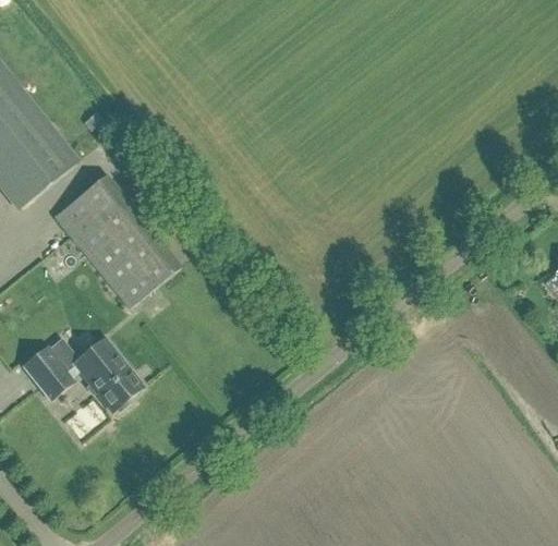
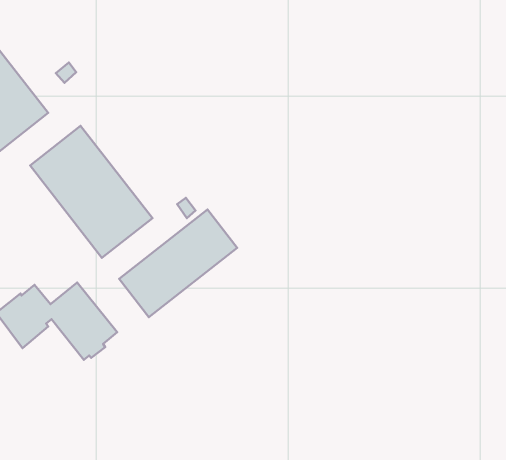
building: none -> [119,210,237,317]

